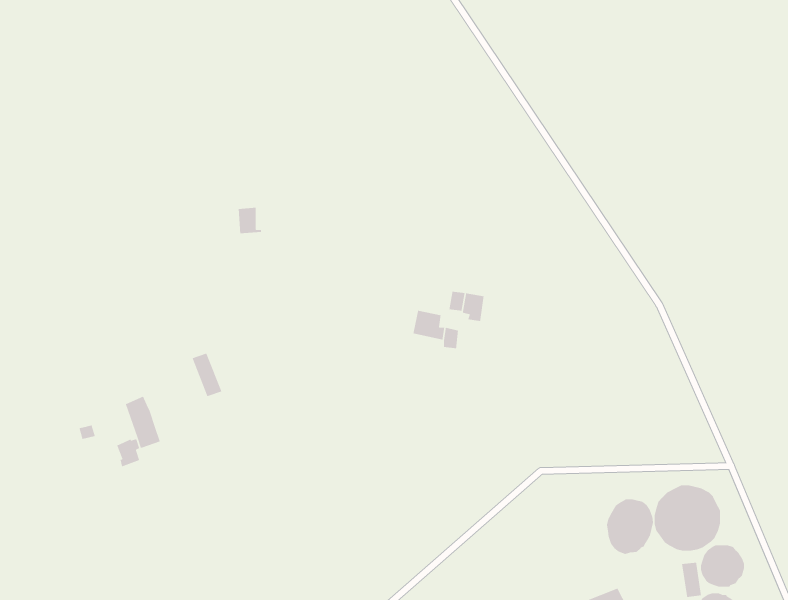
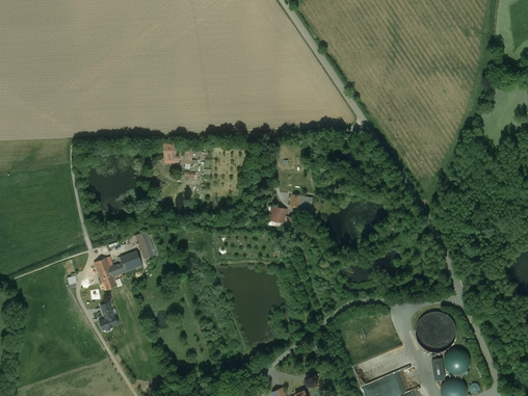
building: none -> [110,252,141,276]
building: [606,498,654,555] -> none

